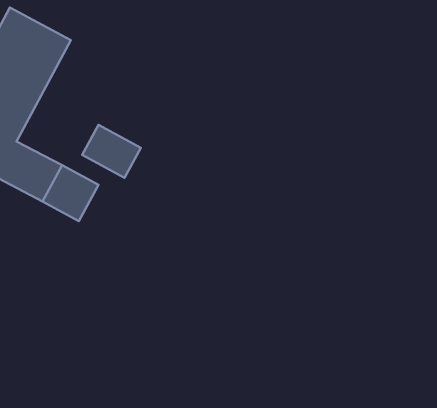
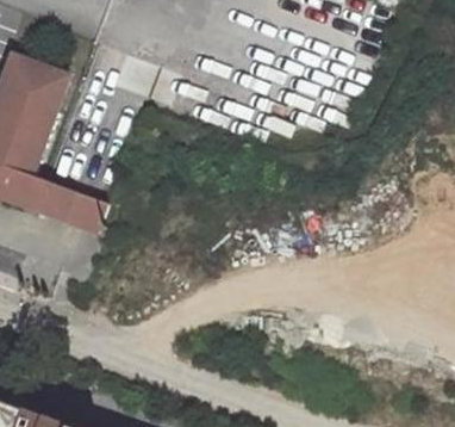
building: [82,125,141,178] -> none

